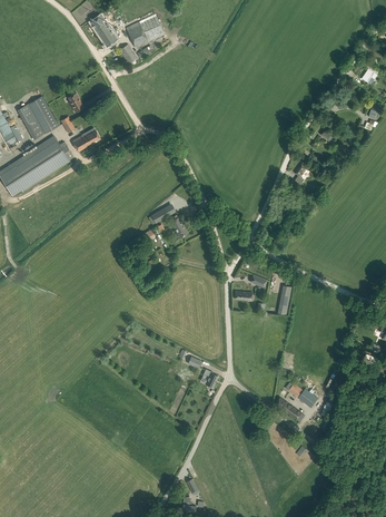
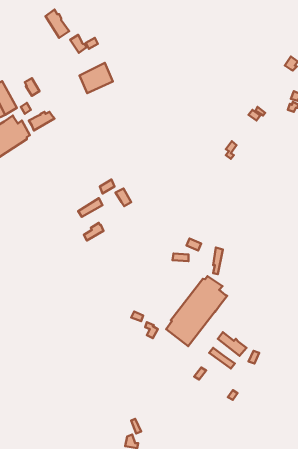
building: [126,13,164,48] -> [79,63,113,93]
building: none -> [166,276,227,346]

